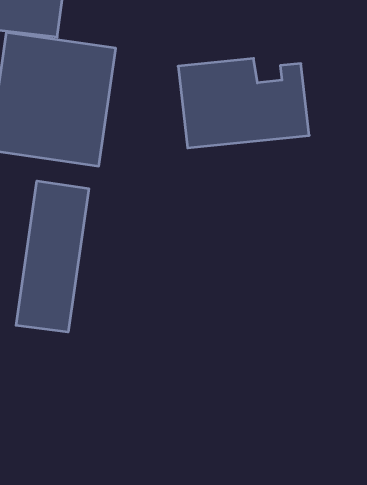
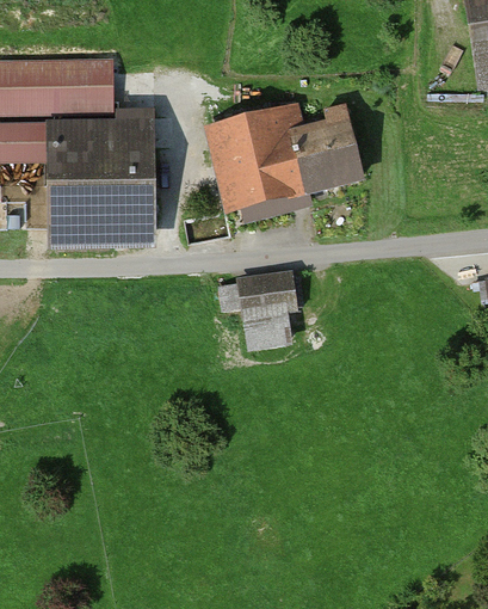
building: [16,181,89,332] -> none
building: none -> [218,278,291,349]

